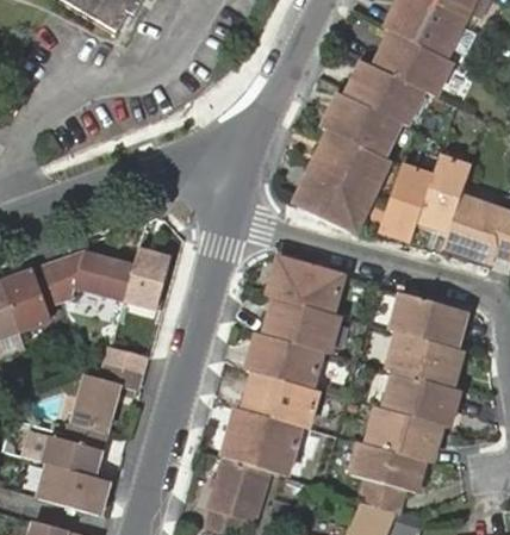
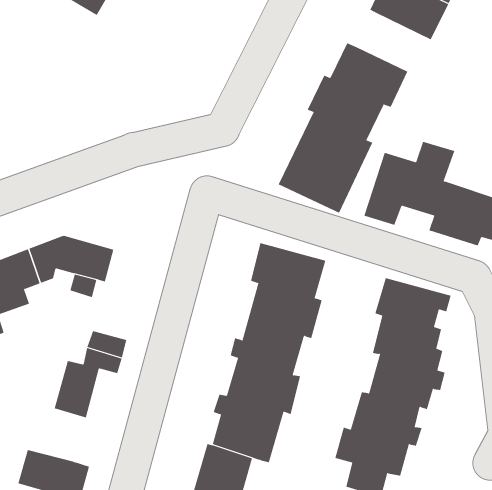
building: [373,31,452,97] -> none
building: [124,249,170,307] -> none
building: [44,423,105,475] -> none

